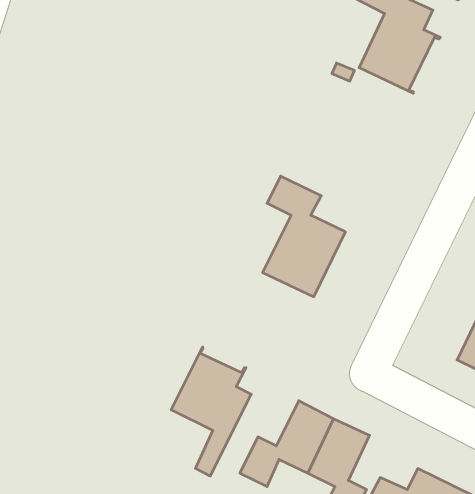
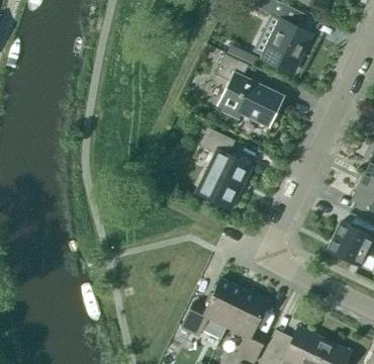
building: none -> [215,54,285,128]
building: [171,347,251,476] -> none

